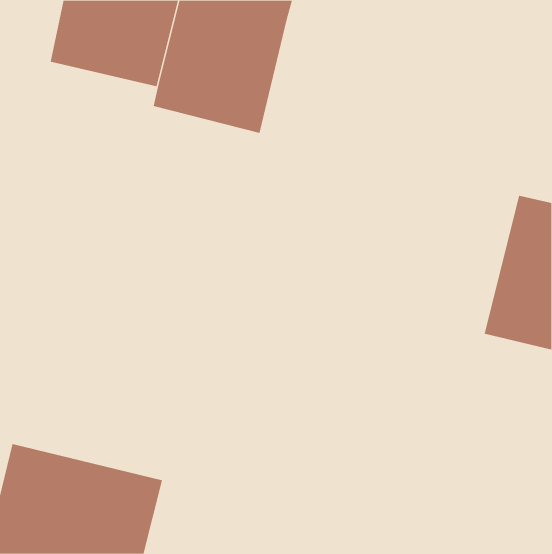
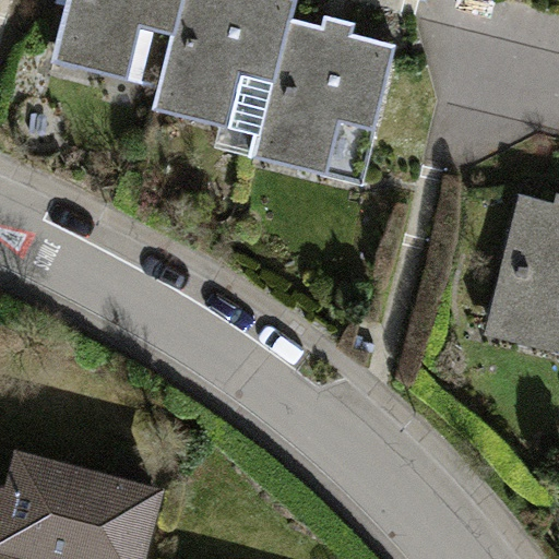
building: none -> [258,20,392,181]

